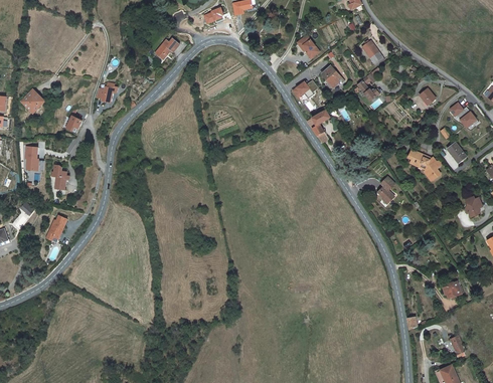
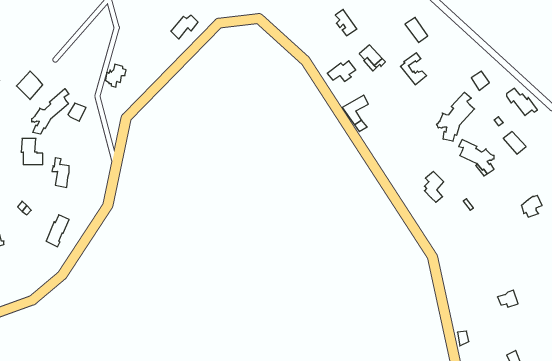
building: none -> [32,89,69,134]
building: none -> [437,92,475,141]

